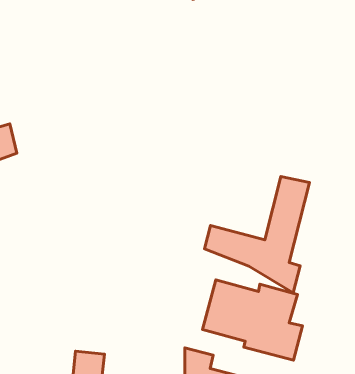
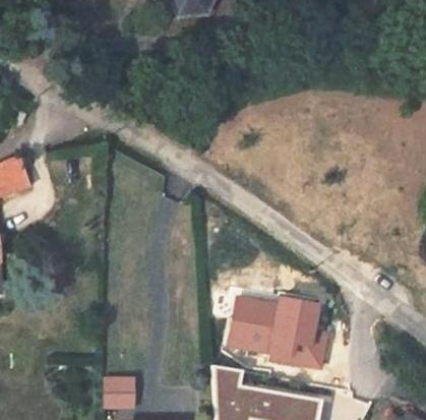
building: [204,176,309,293] -> none

